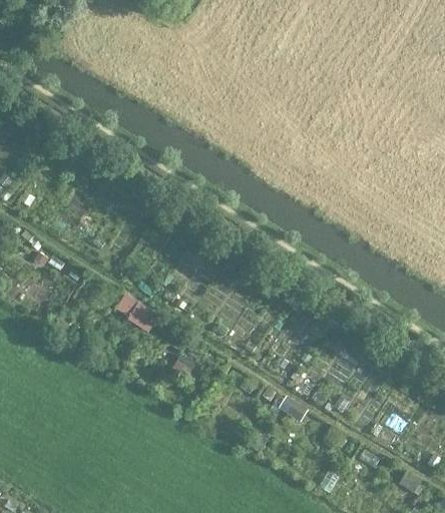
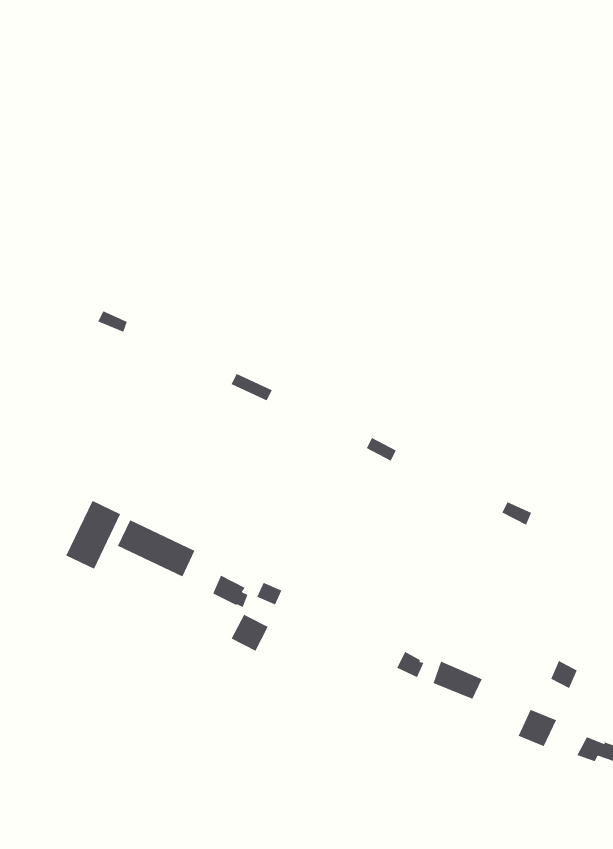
building: none -> [65,500,121,570]

